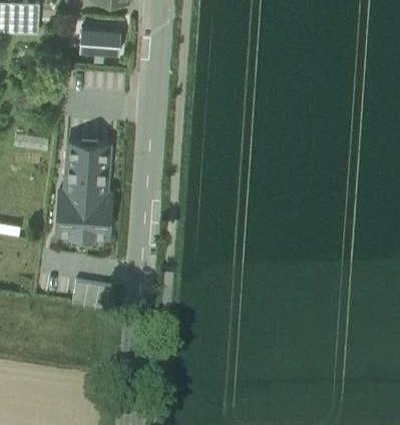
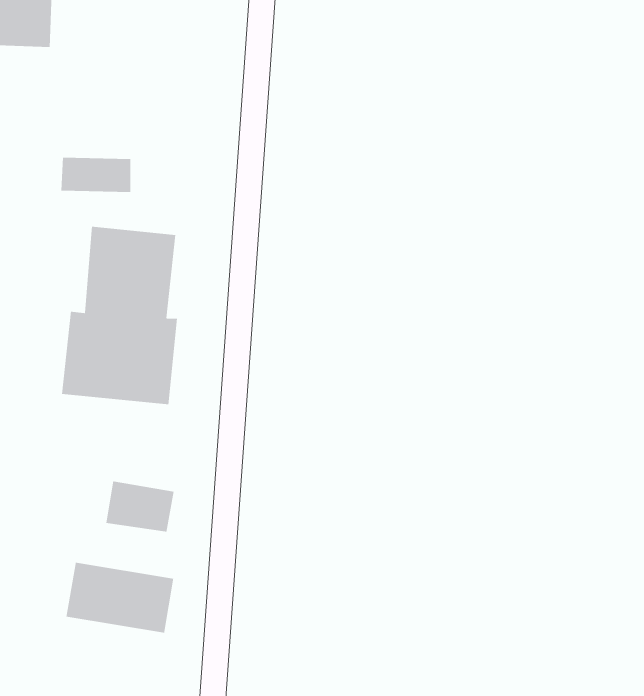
building: [79,29,119,49] -> [61,157,131,192]
building: none -> [66,562,174,634]

